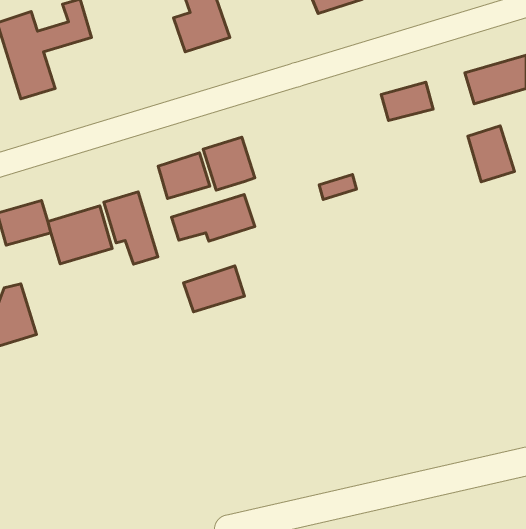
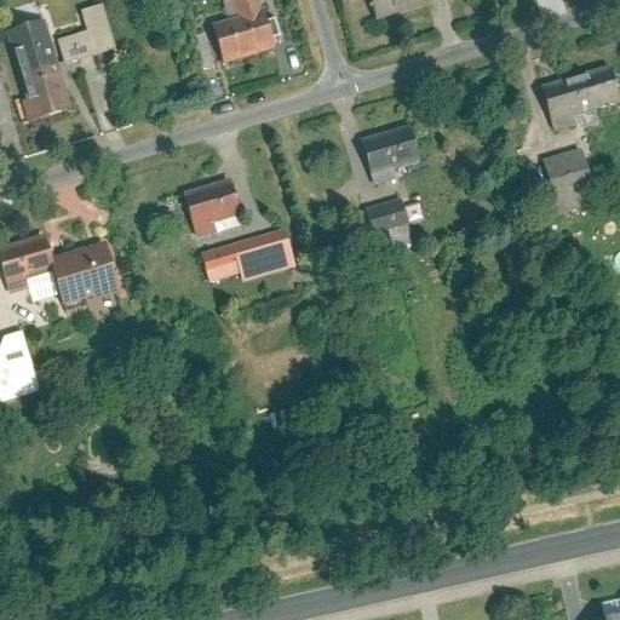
building: [381,82,433,121] -> [363,128,424,173]
building: [203,137,255,190] -> none
building: [104,192,158,264] -> none
building: [184,266,244,312] -> none

